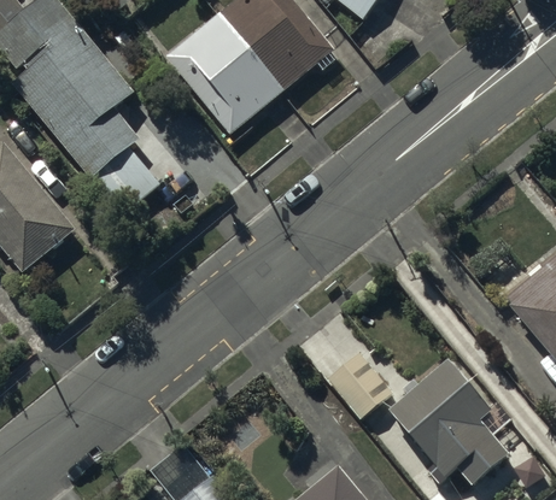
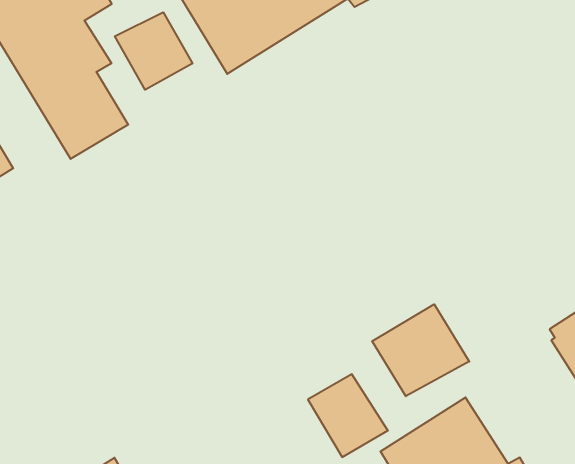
building: none -> [115,12,192,90]
building: none -> [372,304,469,396]

